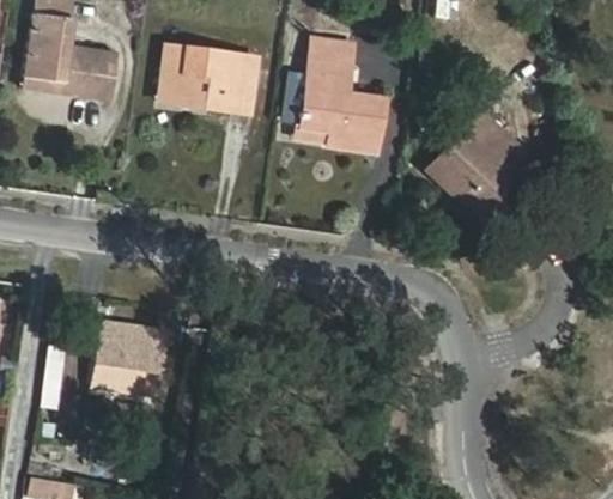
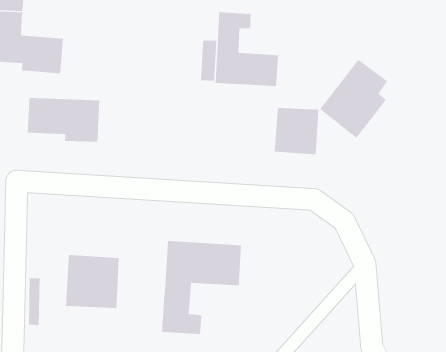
building: [162,49,256,112] -> [27,97,100,142]
building: none -> [274,107,319,155]
building: none -> [161,240,242,335]

